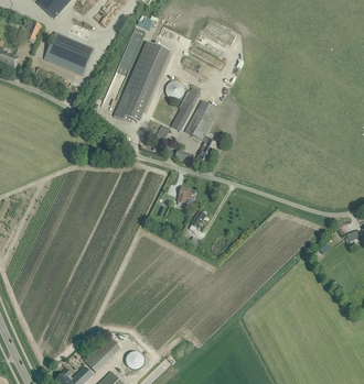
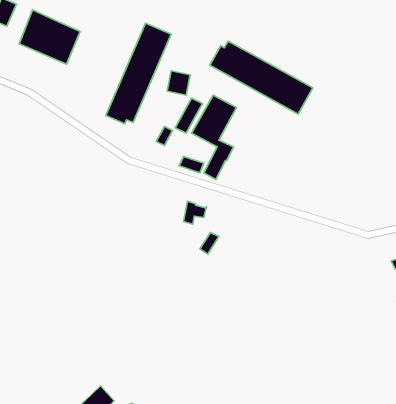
building: none -> [210,41,313,114]

